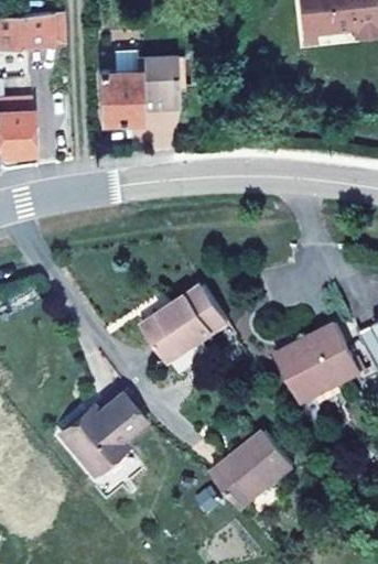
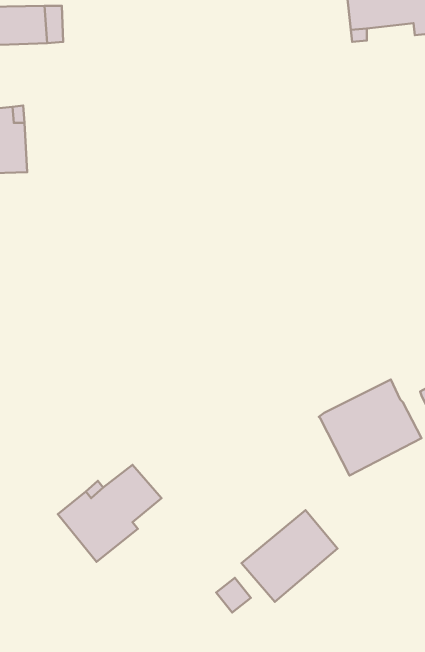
building: [98,50,174,119] -> none
building: [144,284,229,362] -> none

